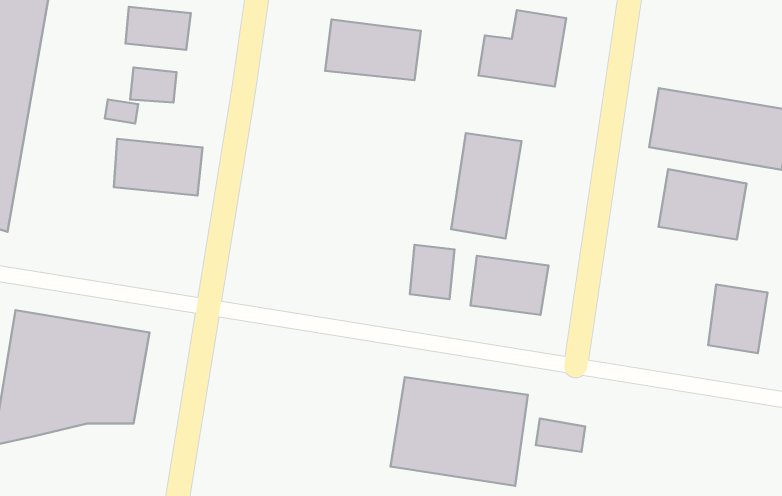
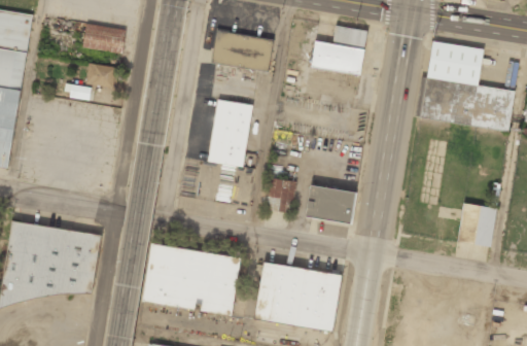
building: [451,133,522,239] -> [207,100,252,168]
building: [114,139,203,195] -> none
building: [659,169,746,239] -> [426,39,483,84]
building: none -> [142,242,240,316]
building: [536,419,585,452] -> none

